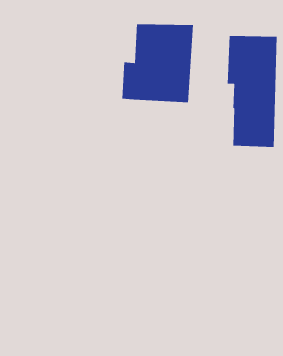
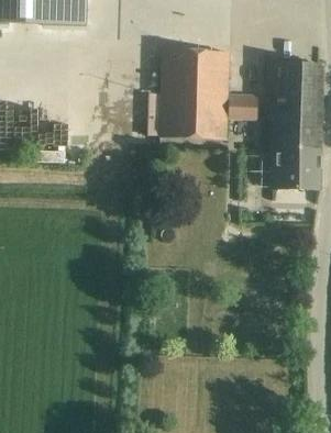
building: none -> [229,95,257,120]

